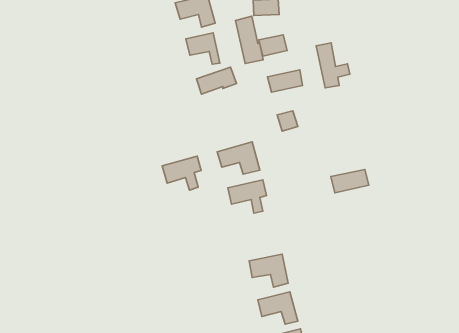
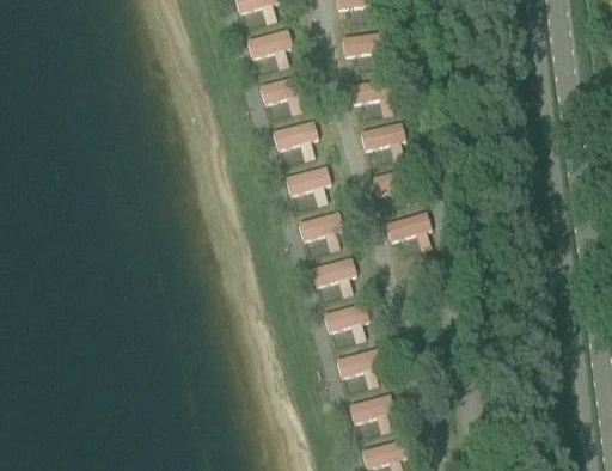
building: [235,16,263,64] -> none
building: [316,43,350,88] -> none
building: [162,156,201,190] -> [284,165,332,207]
building: [331,170,369,193] -> [386,213,433,241]
building: none -> [324,302,368,343]

